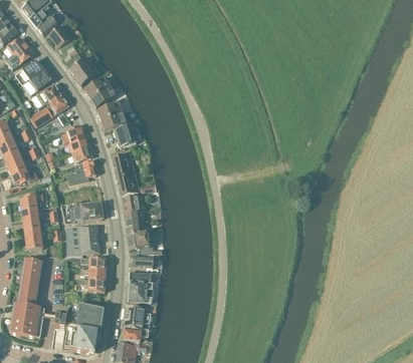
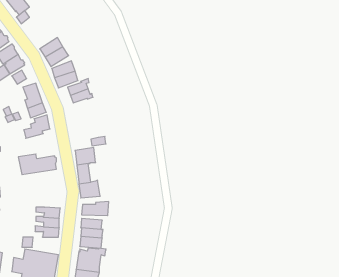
building: [69,56,97,84] -> none
building: [112,152,139,195] -> none
building: [66,226,99,257] -> none

